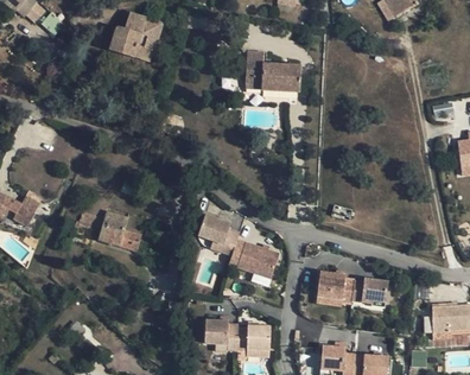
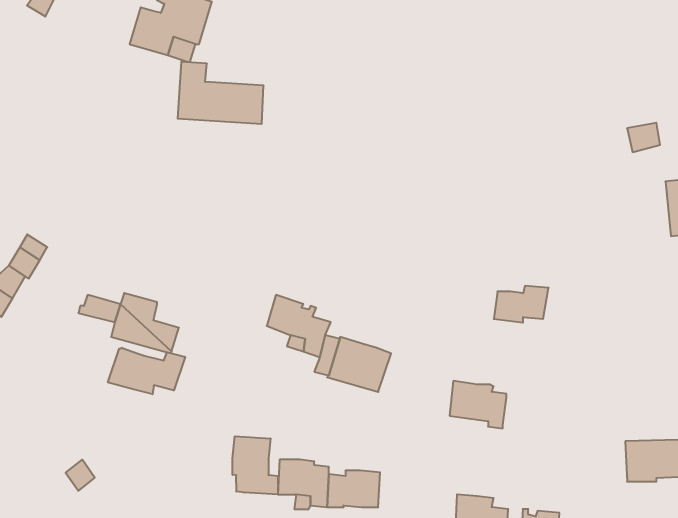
building: [244,52,300,93] -> [178,62,264,124]
building: none -> [108,348,185,394]
building: [351,277,387,300] -> [494,286,549,323]
building: none -> [232,436,278,494]

